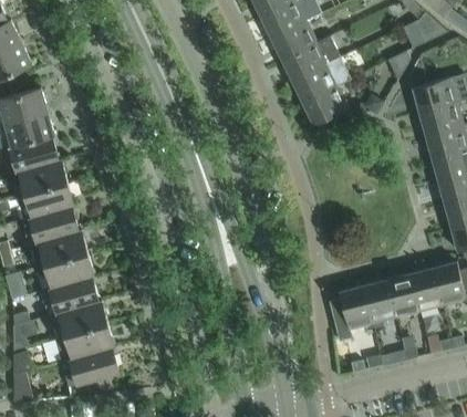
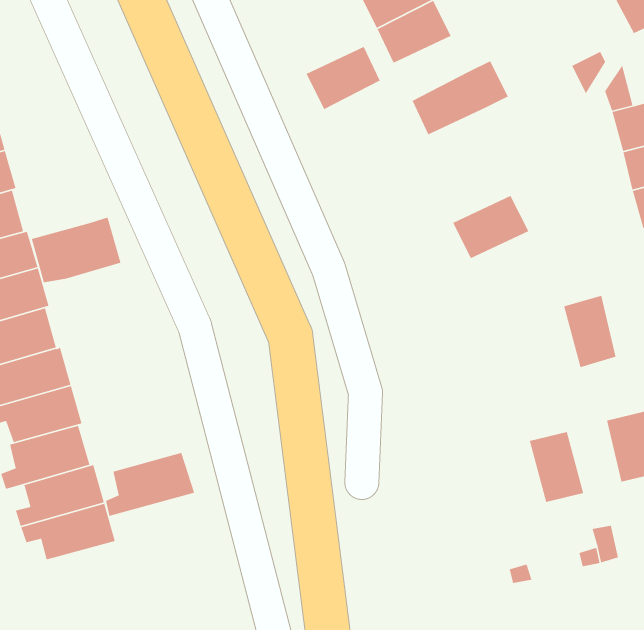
building: [281,42,326,81] -> [306,46,381,110]
building: [302,85,349,124] -> [452,195,529,259]
building: none -> [31,217,121,283]
building: [386,273,418,317] -> [563,295,617,368]
building: [329,285,373,341] -> none
building: [65,346,120,386] -> [105,451,195,517]

